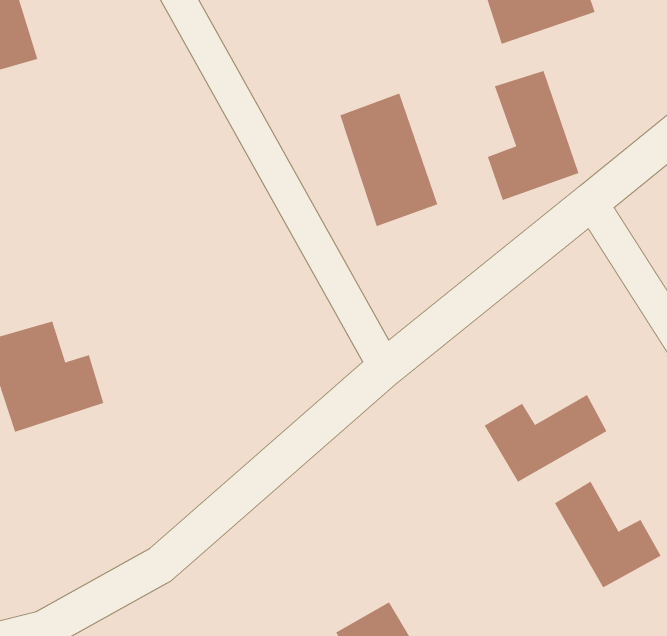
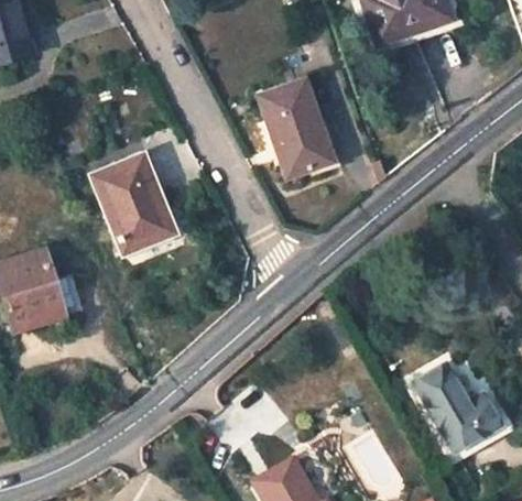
building: [487,70,579,201] -> none
building: none -> [95,156,172,250]
building: [484,394,607,482] -> none

